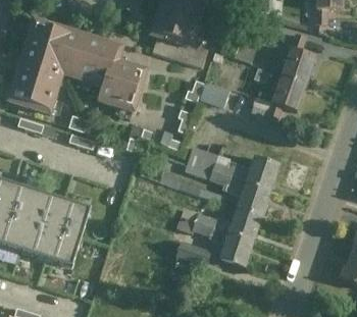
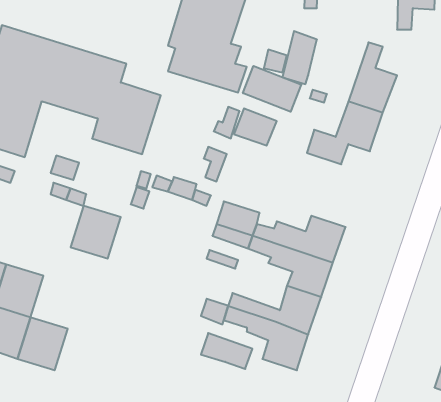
building: none -> [243,66,301,112]
building: [54,199,90,236] -> [71,206,121,259]

